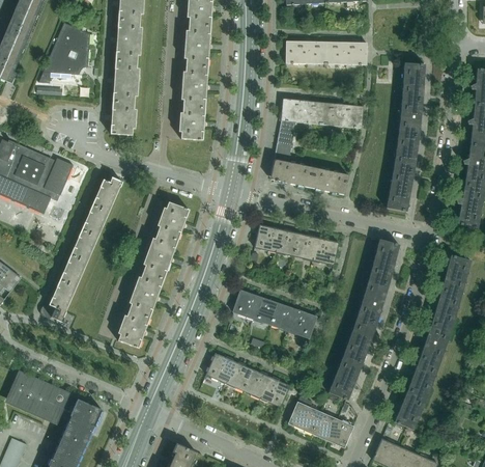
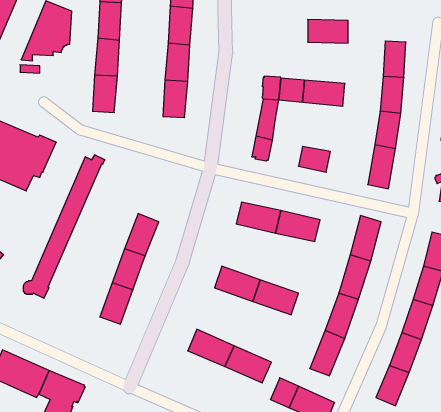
building: [286,40,326,64] -> none
building: [287,163,321,189] -> none
building: [156,202,190,245] -> none

